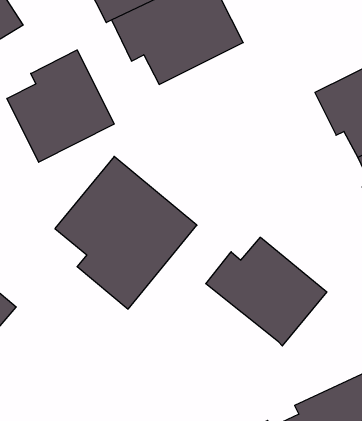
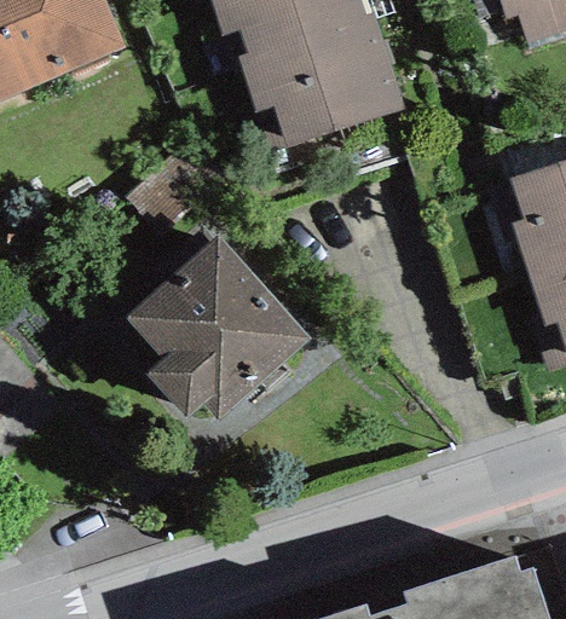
building: [7,50,114,162] -> none
building: [206,237,327,346] -> none

